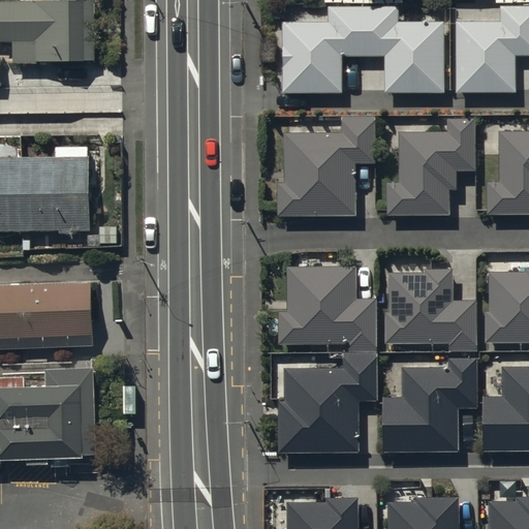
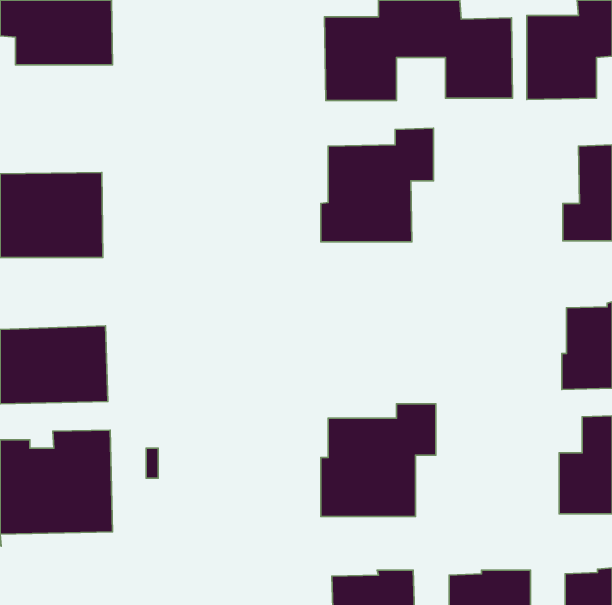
building: [384,118,473,213] -> none
building: [277,266,375,351] -> none
building: [384,268,475,351] -> none
building: [382,357,476,450] -> none

